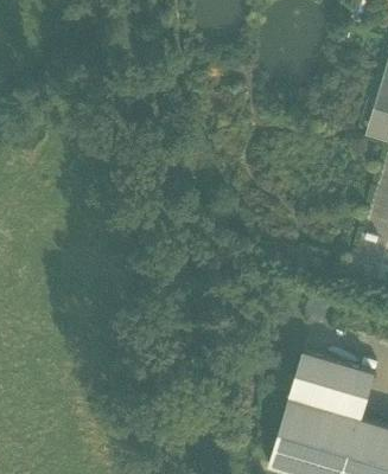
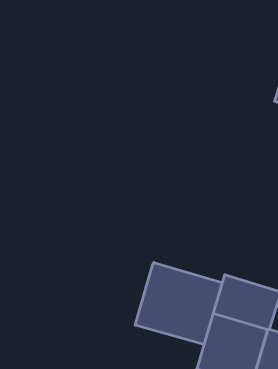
building: none -> [135,262,222,344]

